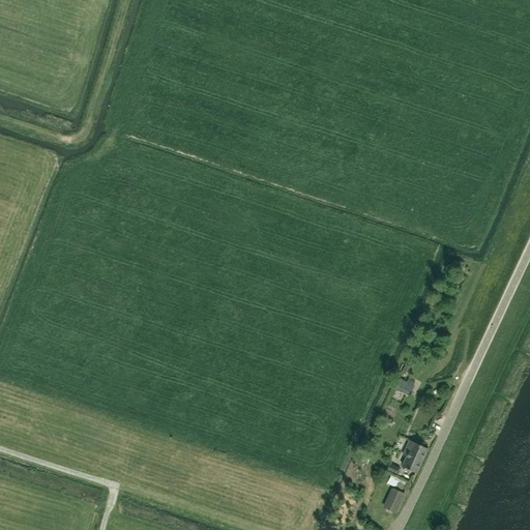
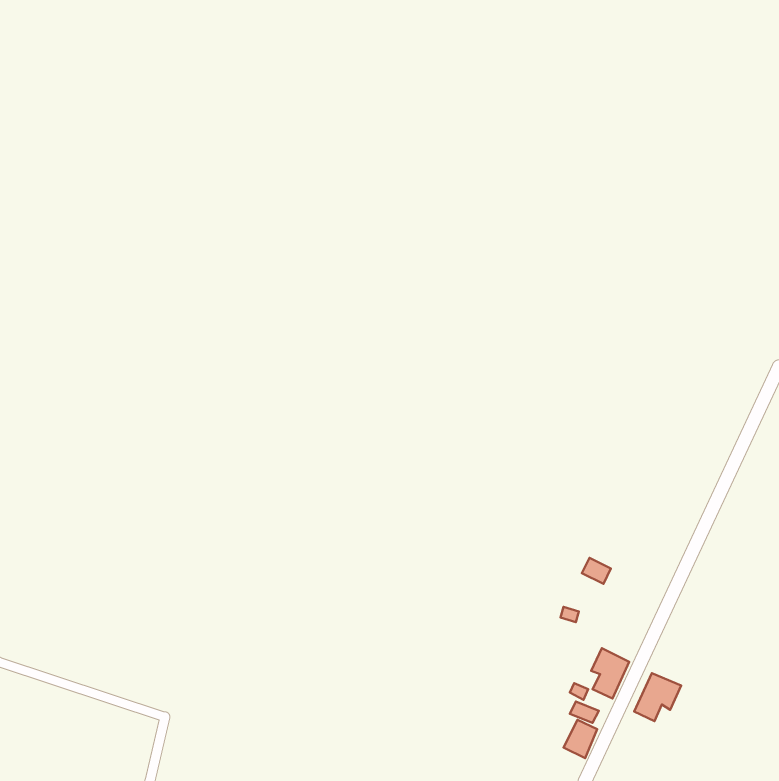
building: none -> [634,673,681,721]

